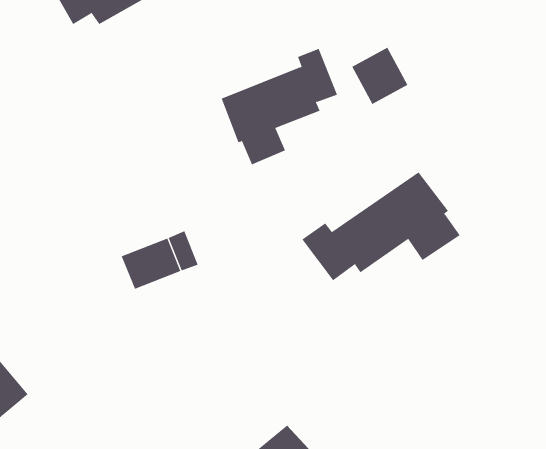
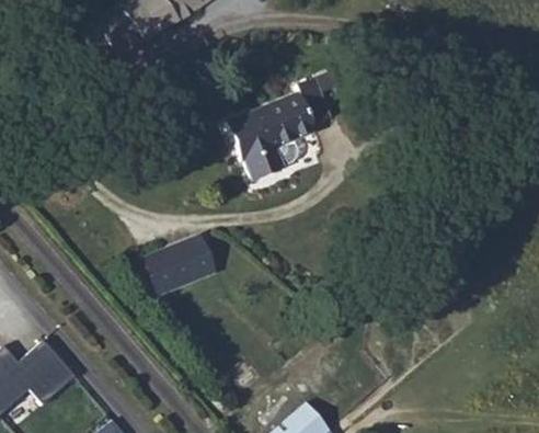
building: [351,47,408,105] -> none
building: [301,171,461,281] -> none

